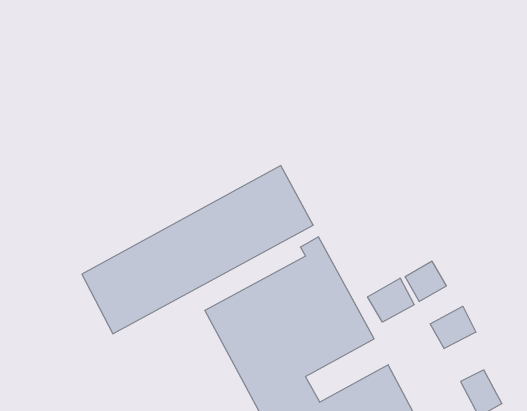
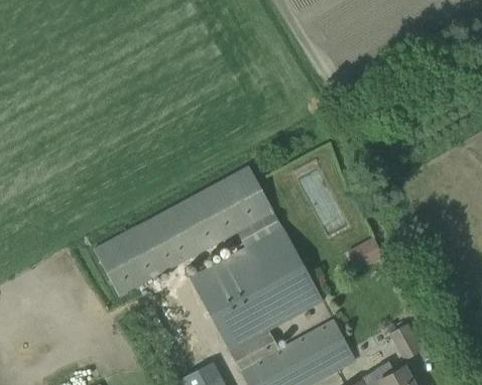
building: [368,278,414,322] -> none
building: [430,306,476,349] -> none

